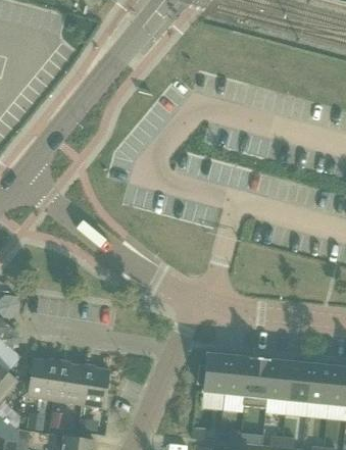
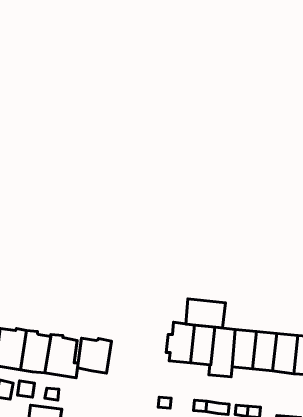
building: none -> [186,299,226,328]
building: none -> [77,338,112,373]

